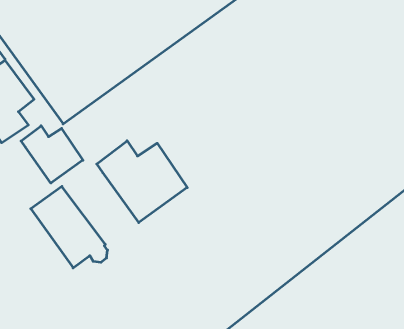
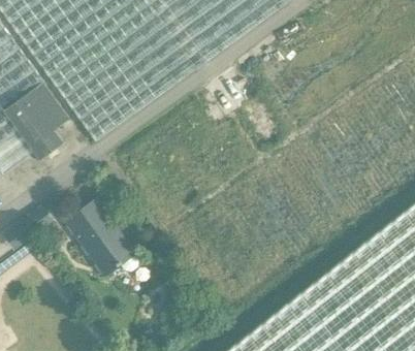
building: [21,126,83,183] -> none
building: [97,141,187,223] -> none

